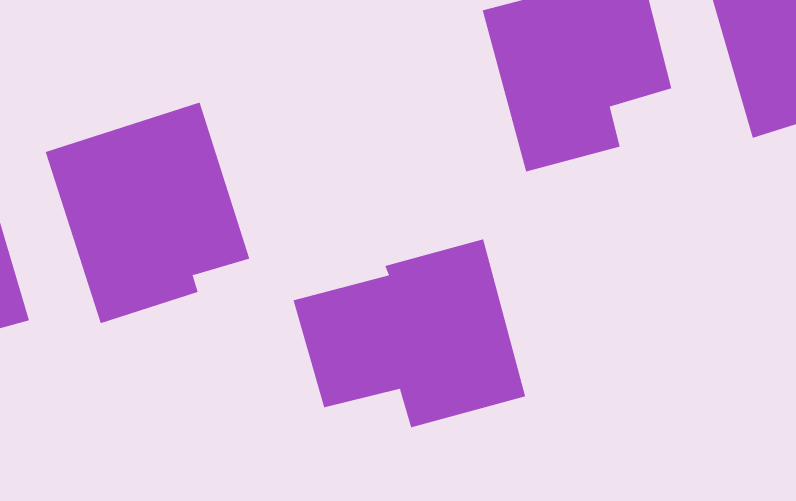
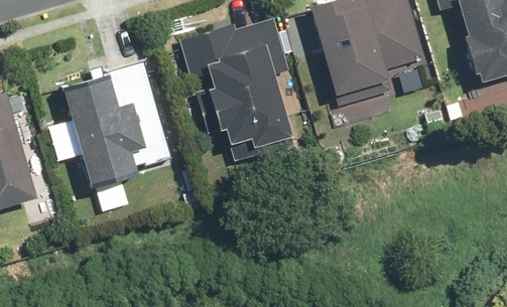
building: none -> [178,8,292,153]
building: [293,239,526,428] -> none

